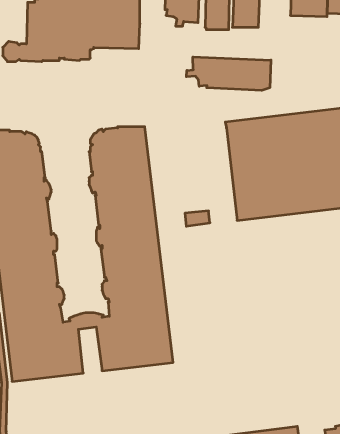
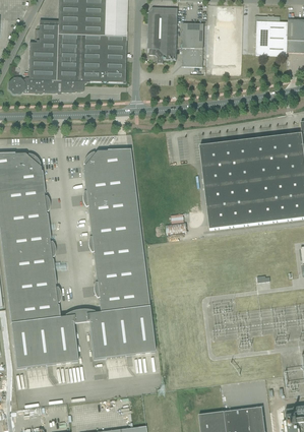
building: [186,57,271,90] -> none

